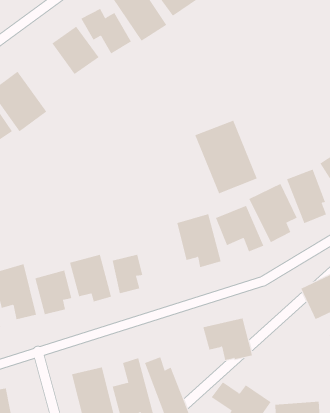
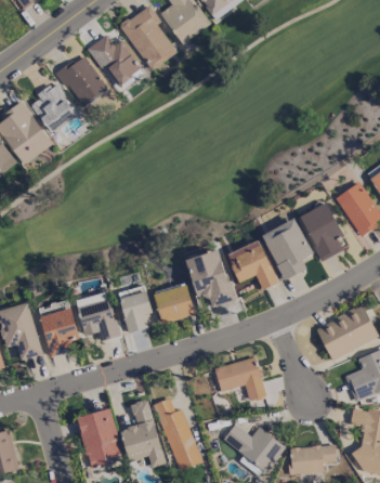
building: none -> [31,82,77,131]
building: [195,120,258,194] -> none
building: none -> [154,283,195,323]

